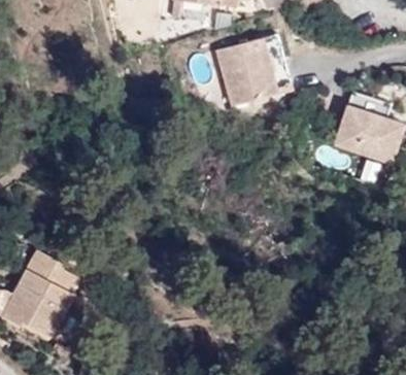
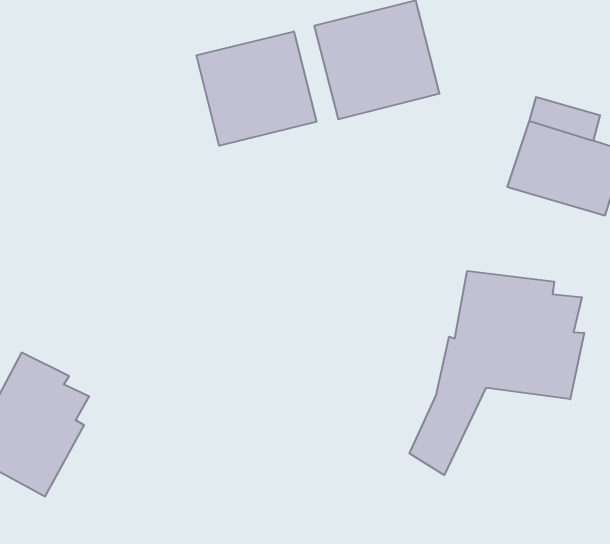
building: none -> [196,31,316,146]
building: none -> [410,271,584,475]

